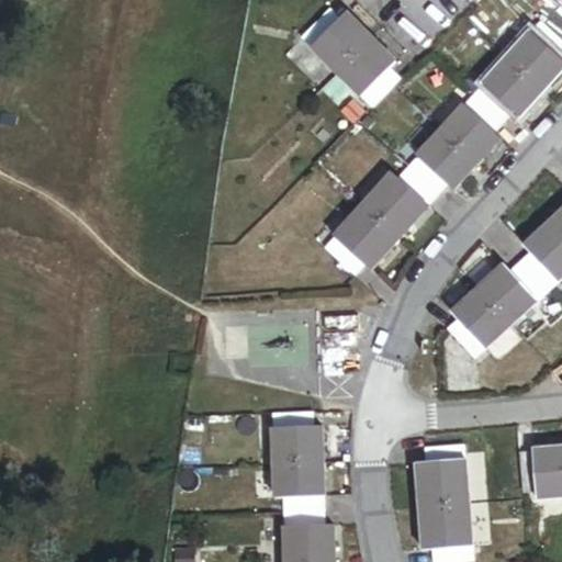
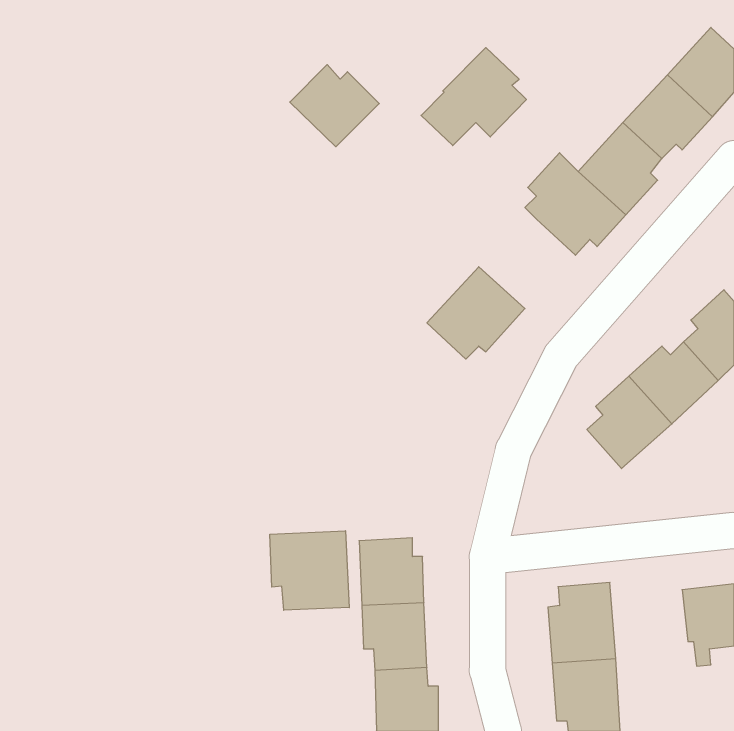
building: [302,7,370,69] -> [290,65,379,147]
building: [364,167,438,235] -> none
building: none -> [270,531,349,610]

